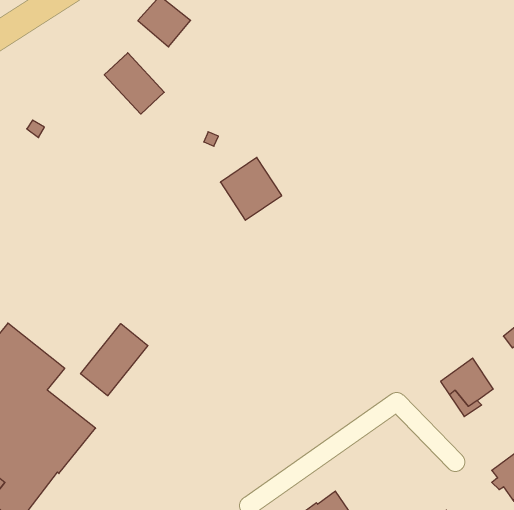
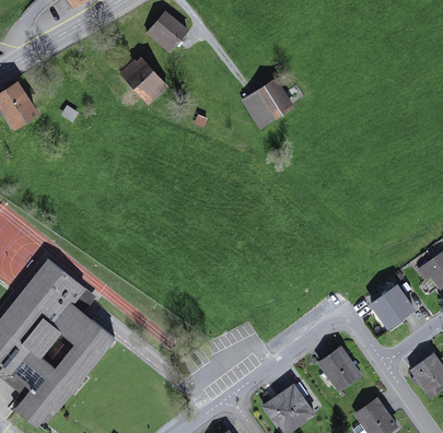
building: [220,157,282,220] -> [245,80,291,127]
building: [81,324,148,396] -> none
building: none -> [319,348,360,389]

